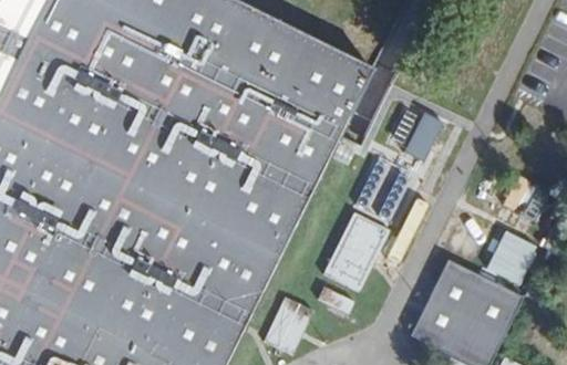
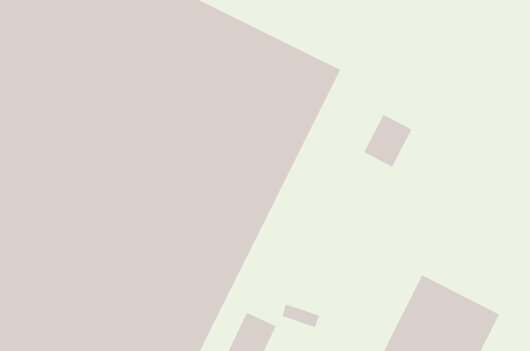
building: [353,156,412,218] -> none
building: [320,210,389,293] -> none
building: [486,231,536,283] -> none

